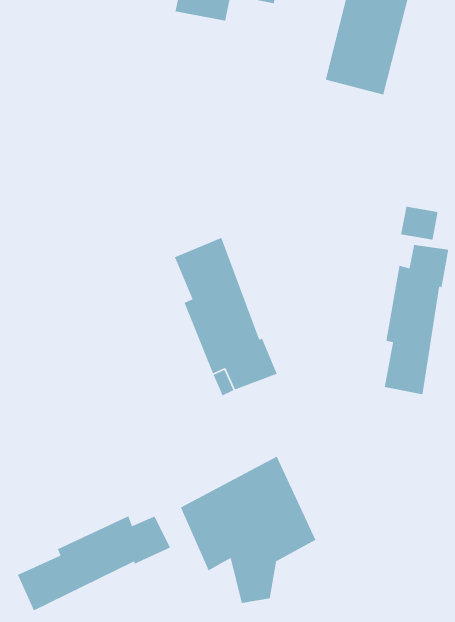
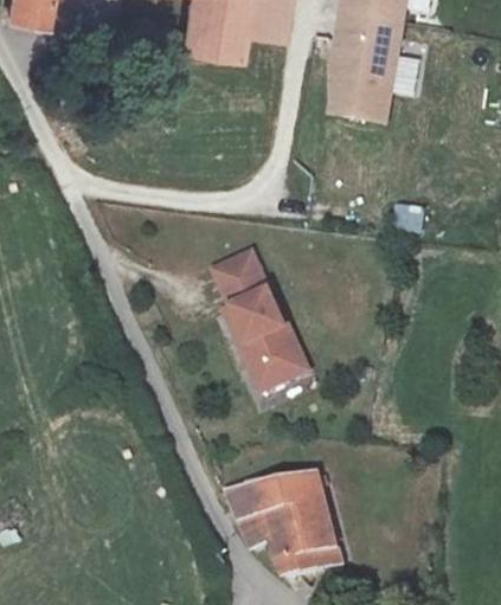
building: [384,244,449,395] -> none
building: [17,515,171,611] -> none

